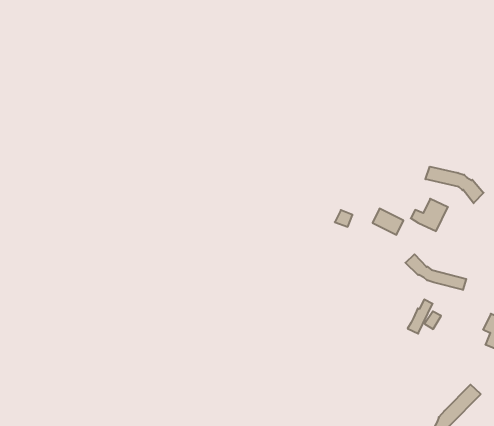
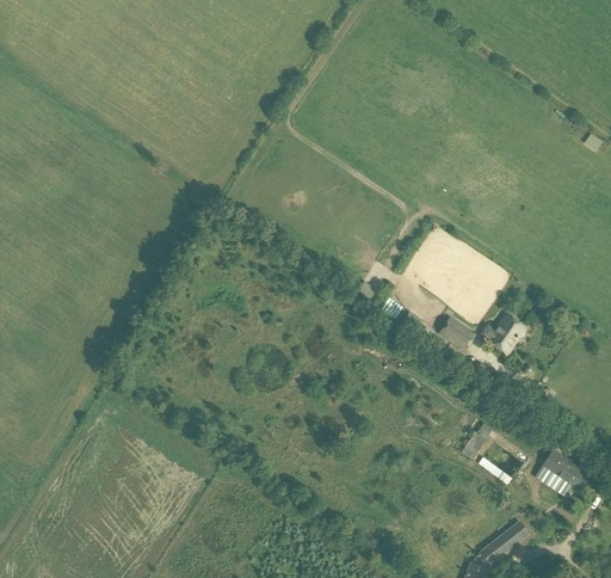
building: [425,167,484,203] -> none
building: [405,254,466,290] -> none

